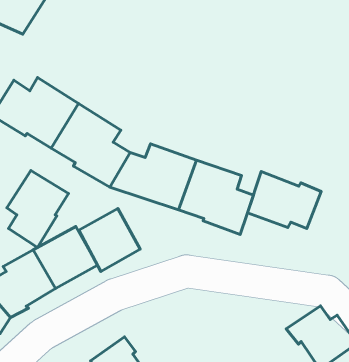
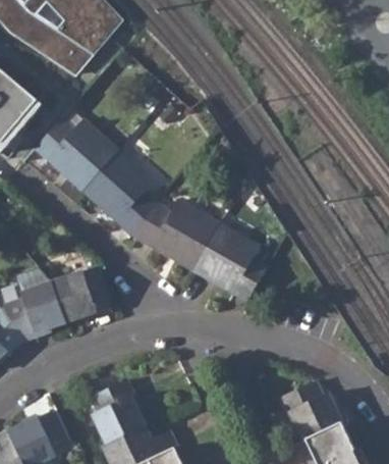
building: [7,170,68,247] -> none
building: [248,172,321,229] -> none
building: [79,209,140,271] -> none

